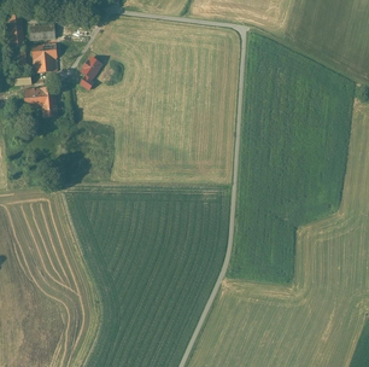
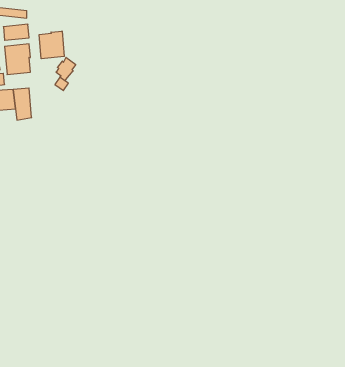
building: none -> [39,31,64,59]

